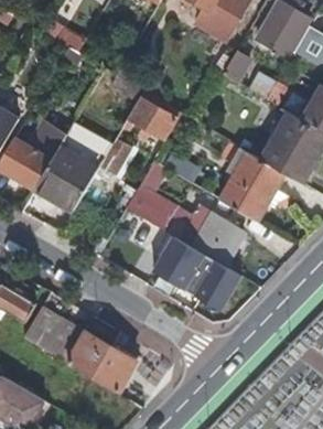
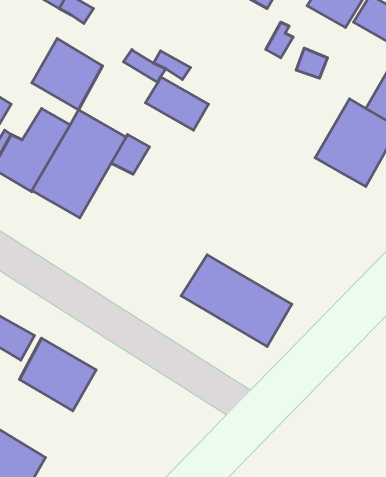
building: none -> [32,39,103,110]
building: [218,149,284,218] -> none
building: [126,187,245,268] -> none
building: [66,330,134,393] -> none

